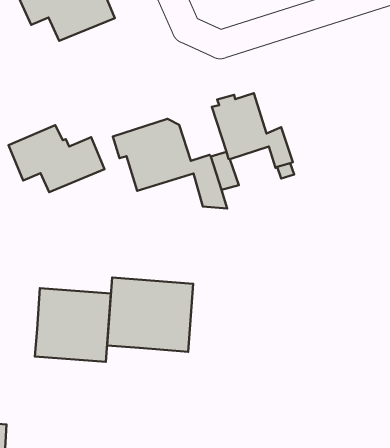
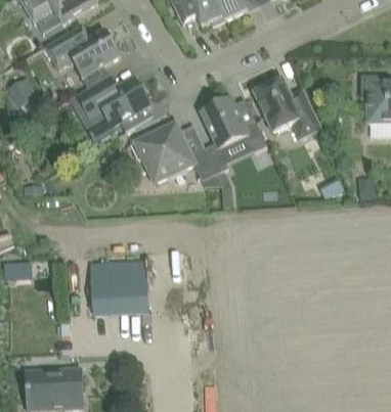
building: none -> [254,79,321,138]
building: [8,125,105,192] -> [77,77,150,127]
building: [107,278,193,352] -> none

